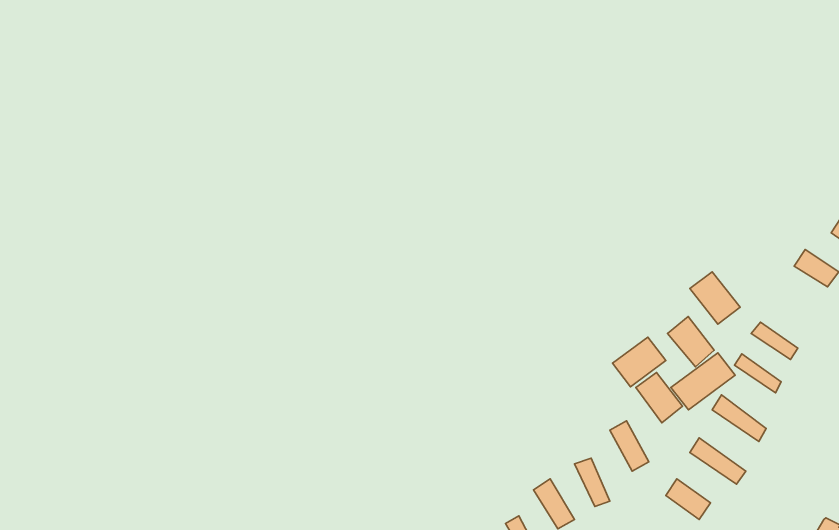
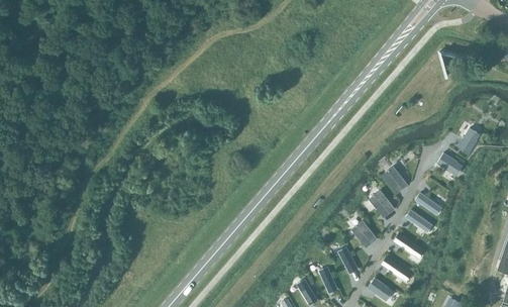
building: [612,337,666,387] -> none
building: [671,353,735,410] -> none

